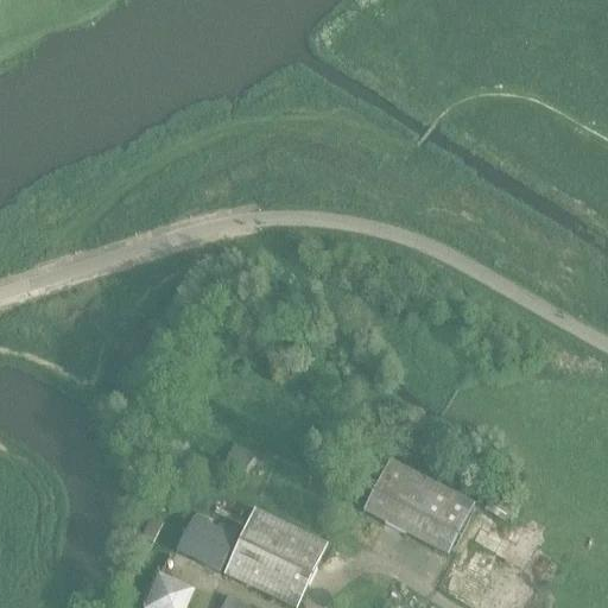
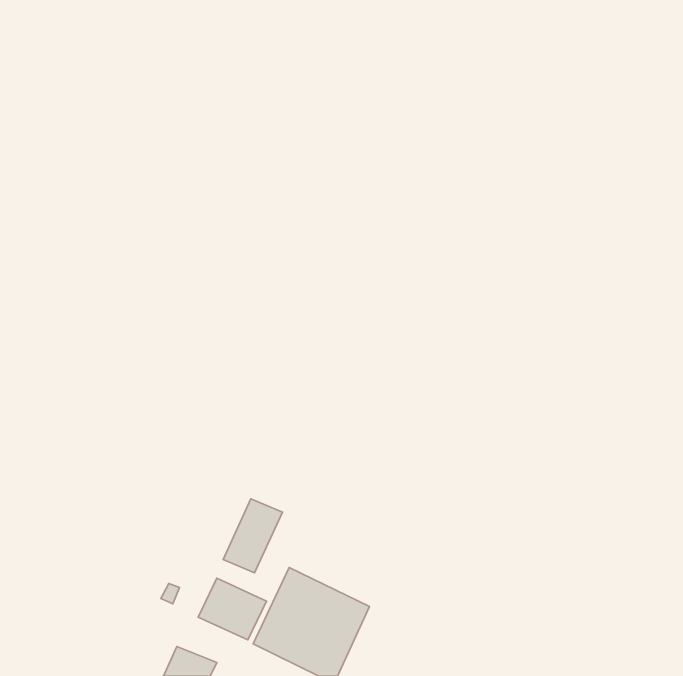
building: none -> [223,499,282,573]
building: [365,457,473,552] -> none

